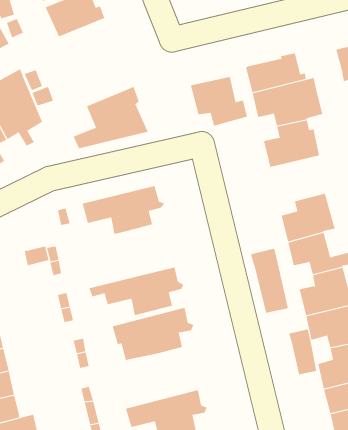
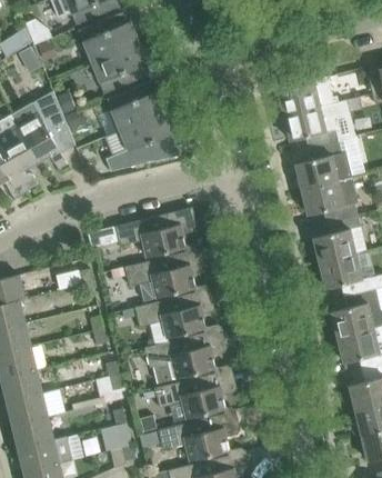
building: none -> [90,41,147,93]
building: none -> [105,81,165,129]
building: [190,76,248,127] -> none
building: none -> [301,178,356,223]
building: none -> [111,248,205,301]
building: [250,248,288,314] -> none
building: [289,329,317,375] -> none
building: none -> [153,370,235,419]

